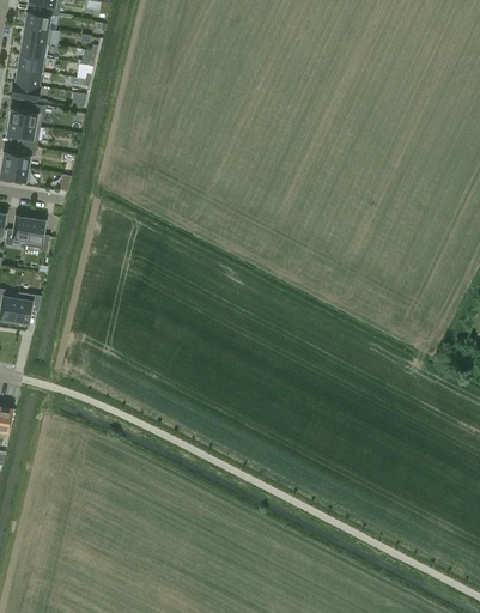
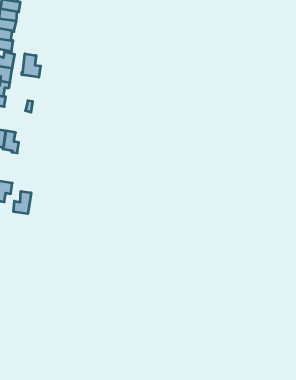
building: none -> [22,54,41,77]
building: none -> [14,191,31,214]

